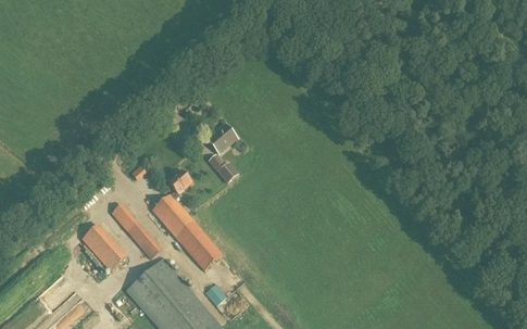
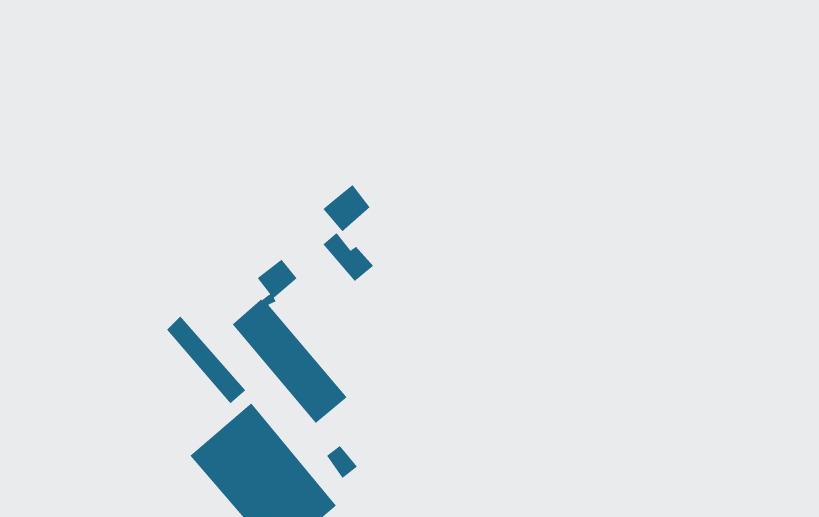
building: [81,223,128,271] -> none

